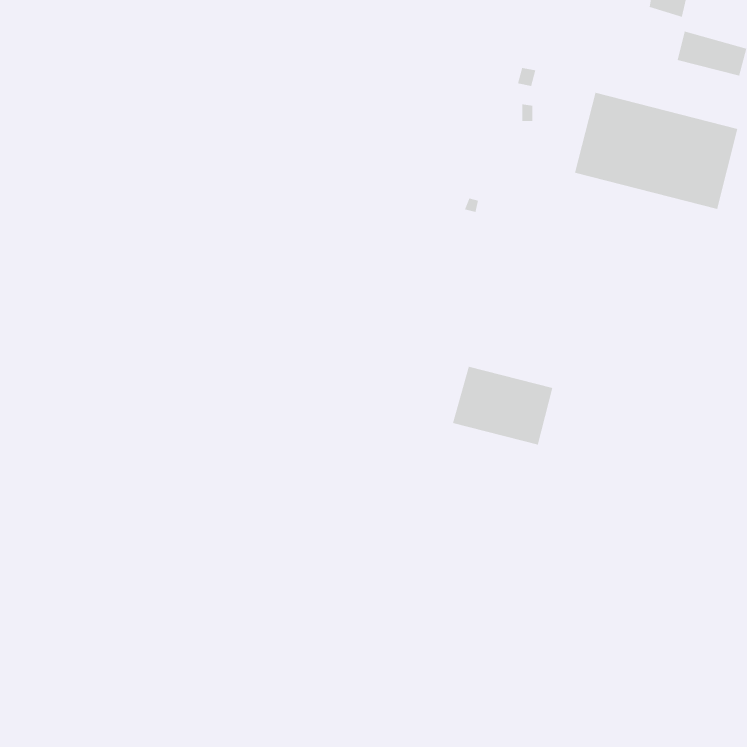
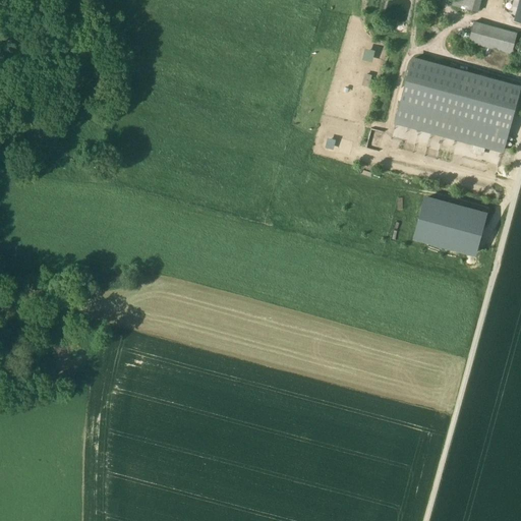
building: [452,366,553,445] -> [414,197,484,252]

